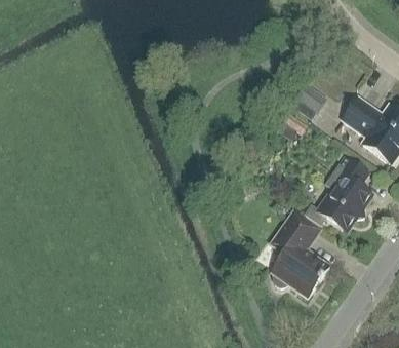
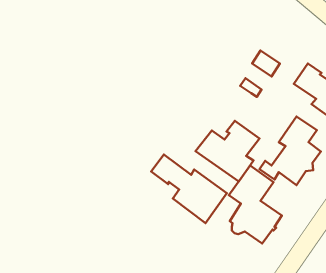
building: none -> [196,121,259,182]
building: none -> [151,155,227,223]

